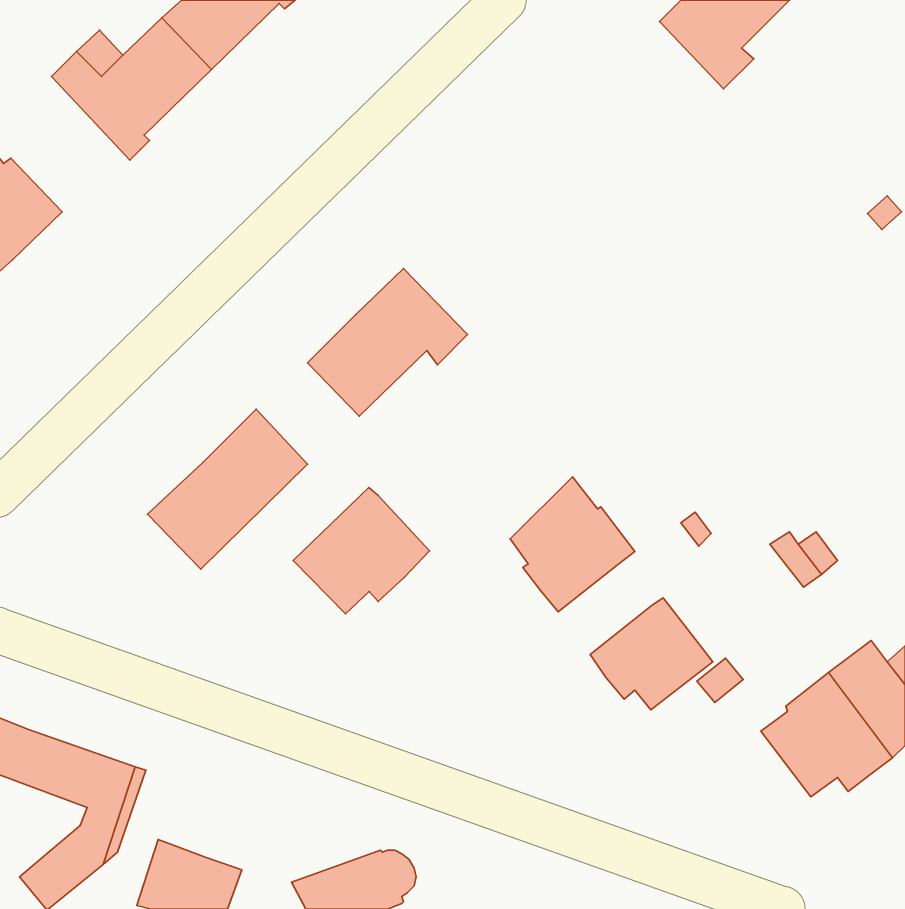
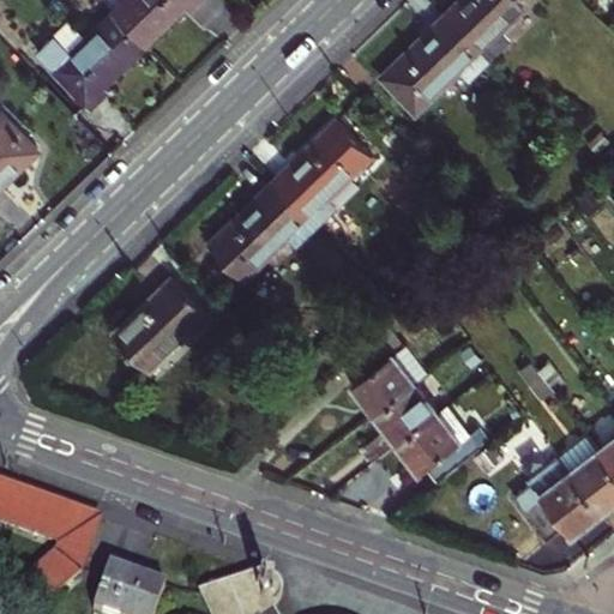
building: none -> [380,14,488,114]
building: none -> [272,119,372,225]
building: [293,488,430,614] -> none
building: none -> [377,380,440,441]

